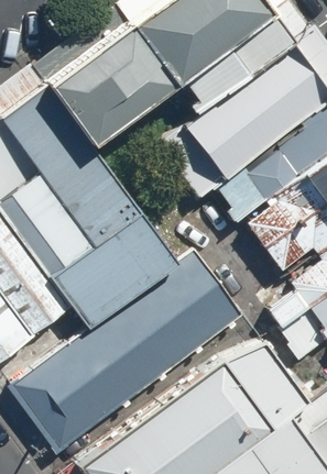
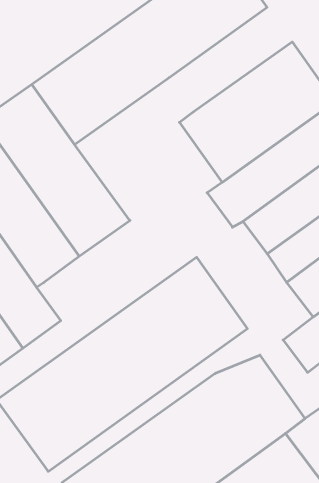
building: [175,11,293,111] -> none
building: [55,213,177,326] -> none

